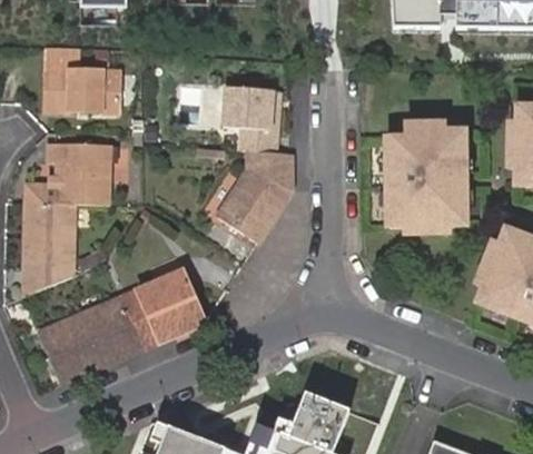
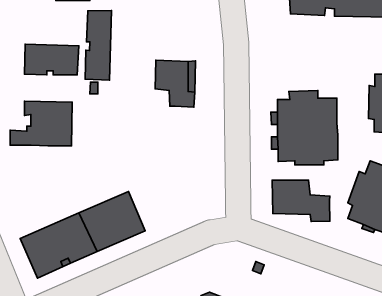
building: none -> [85,10,112,80]
building: [213,151,288,245] -> none
building: [22,204,76,296] -> none
building: none -> [272,180,330,221]

